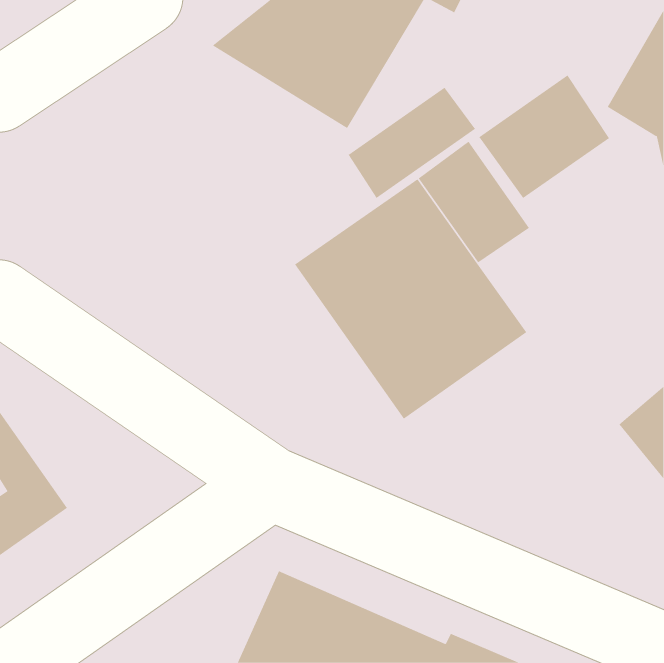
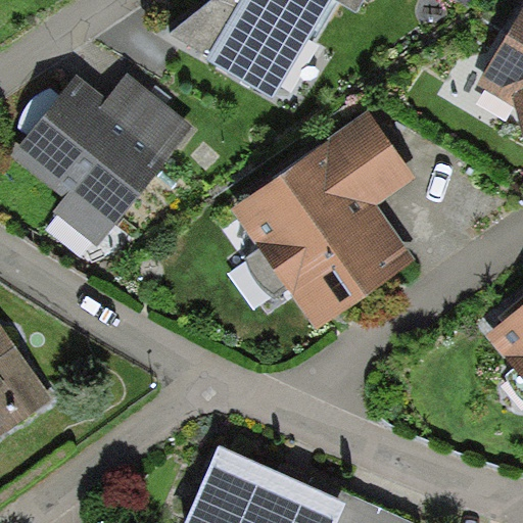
building: [478,75,610,199] -> none
building: [348,87,476,199] -> none
building: none -> [10,75,194,245]

